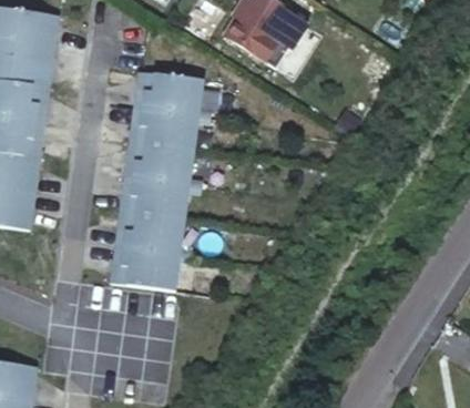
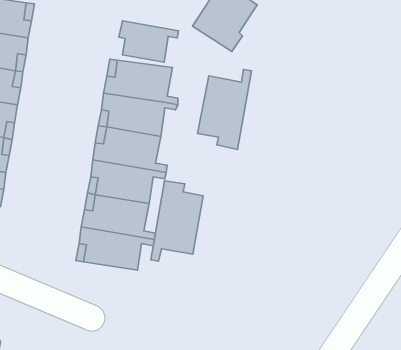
building: none -> [119,21,179,62]
building: none -> [198,70,251,149]
building: none -> [151,181,203,261]

